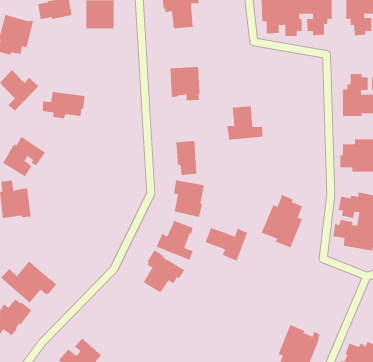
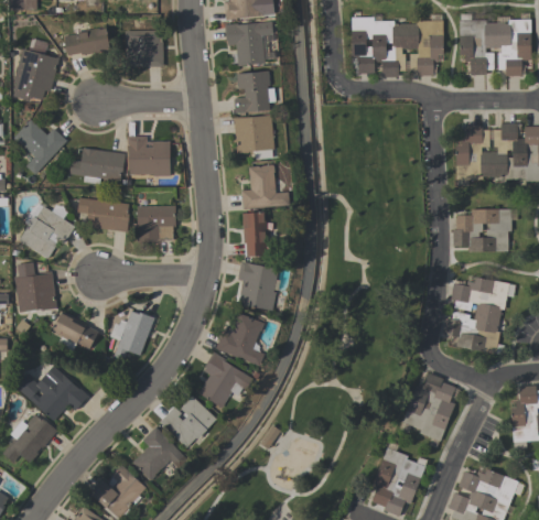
building: none -> [234,72,276,115]
building: none -> [128,136,171,175]
building: [227,106,264,140] -> [241,165,289,209]
building: none -> [77,197,130,231]
building: none -> [137,206,176,241]
building: [261,194,303,248] -> [402,371,456,441]
building: none -> [115,310,154,358]
building: none -> [52,311,98,349]
building: [205,227,248,261] -> none
building: none -> [160,394,217,446]
building: none -> [132,425,187,480]

